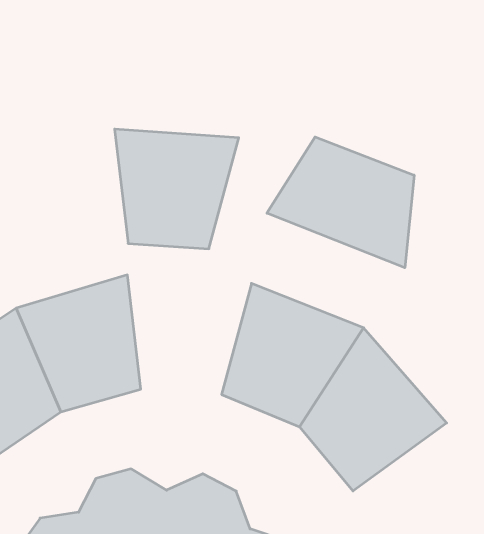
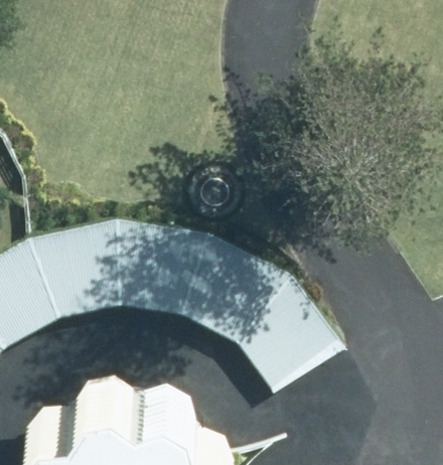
building: [115,129,239,249] -> [117,220,209,316]
building: [267,137,414,268] -> none

